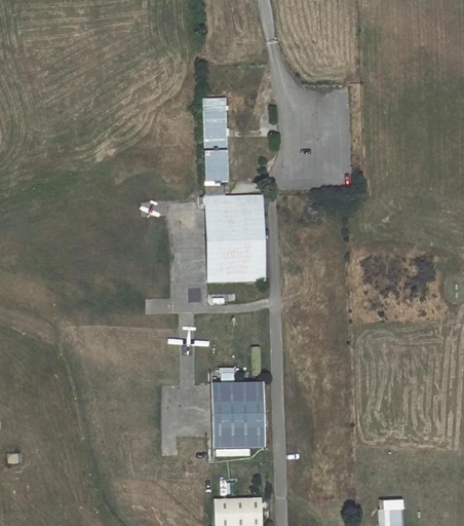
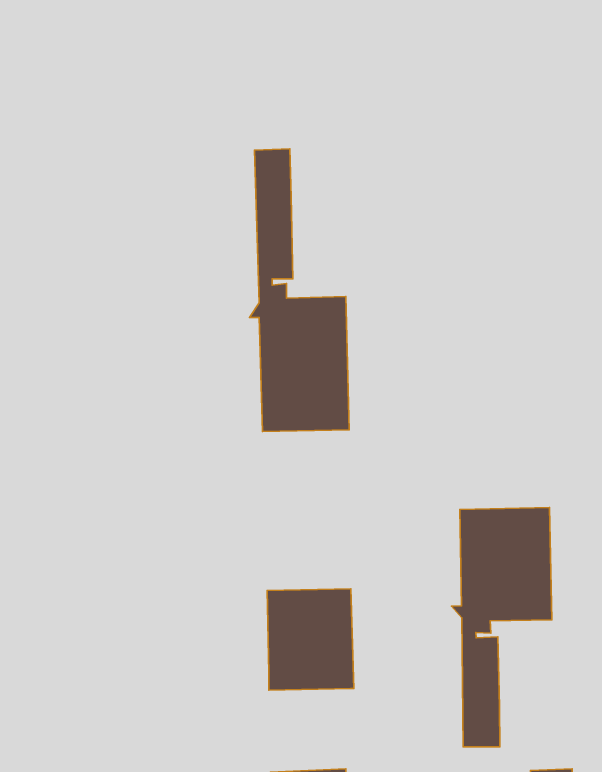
building: none -> [451,507,552,747]

